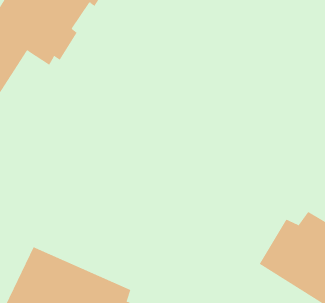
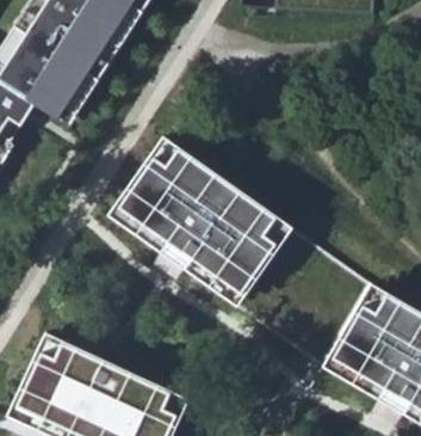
building: none -> [120,149,279,299]

